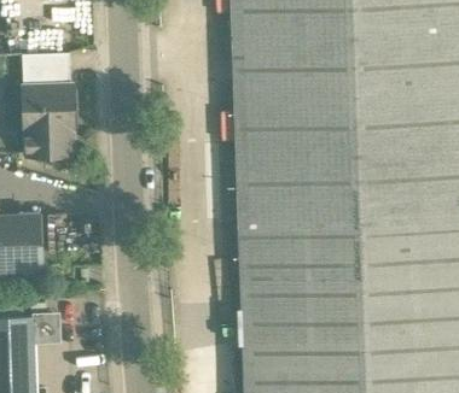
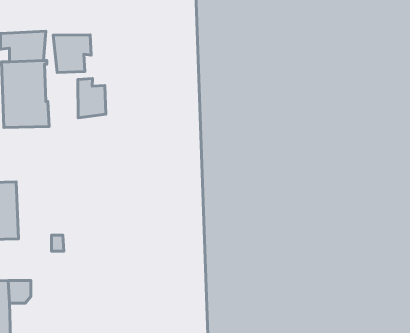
building: none -> [53,35,91,73]
building: none -> [78,79,106,118]

